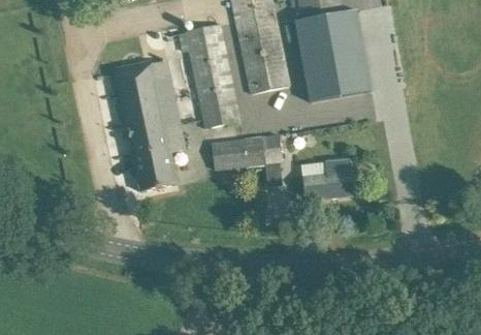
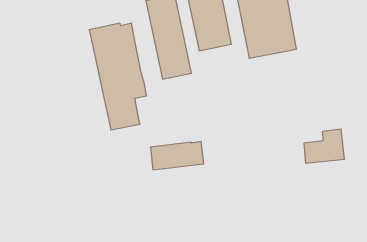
building: [212,134,278,170] -> [150,141,204,170]
building: [302,158,353,201] -> [304,129,345,163]

